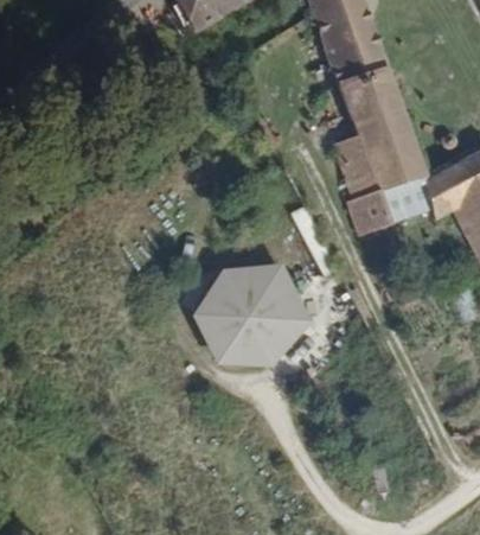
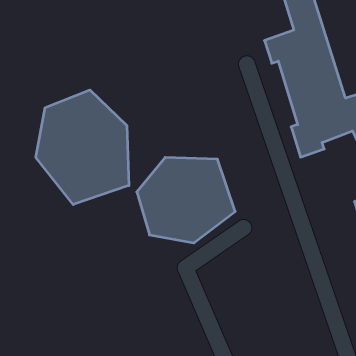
building: none -> [36,90,129,205]

